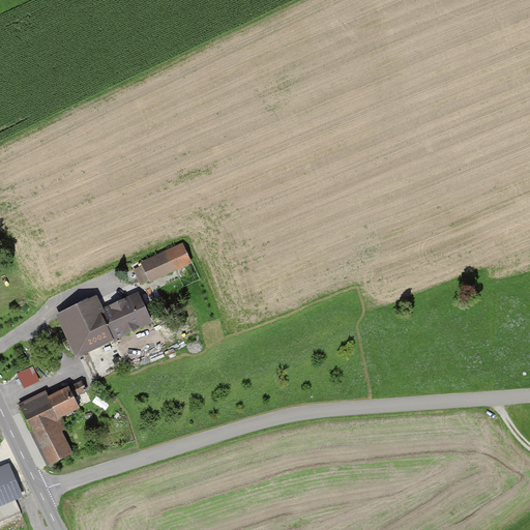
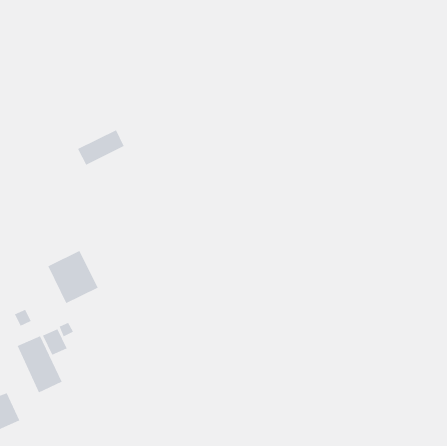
building: [136,240,192,283] -> [77,130,124,166]
building: [104,291,151,337] -> none

